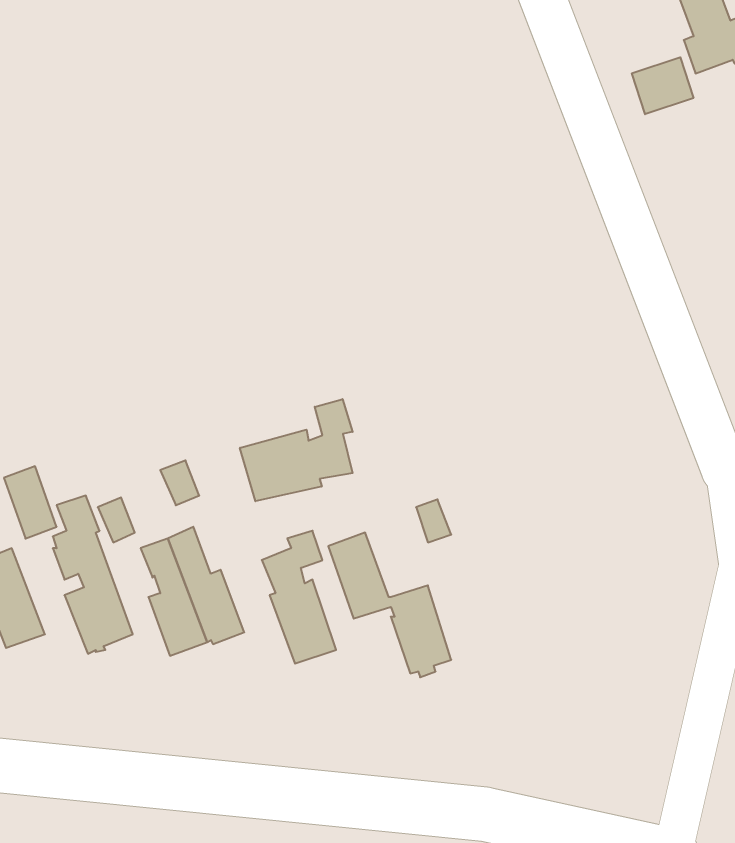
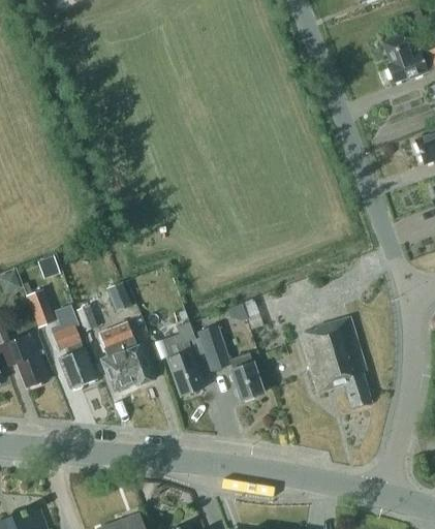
building: [632,57,693,114] -> none
building: [240,399,353,501] -> none
building: none -> [300,317,371,408]

